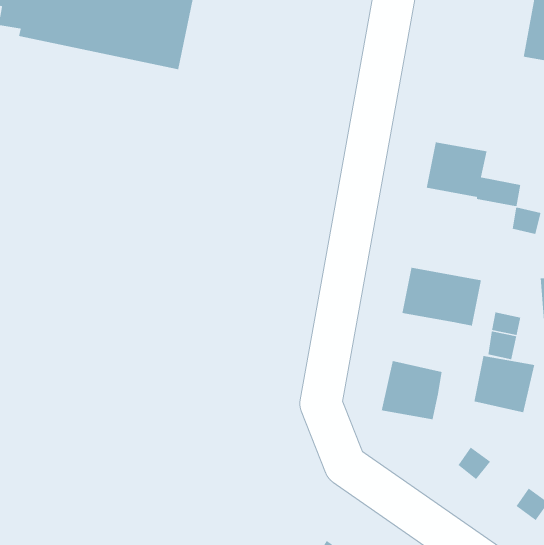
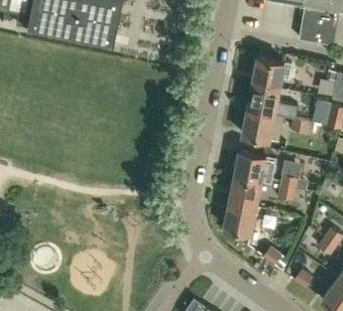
building: none -> [251,58,295,90]
building: none -> [241,110,273,141]
building: [473,355,535,413] -> [228,177,261,208]

